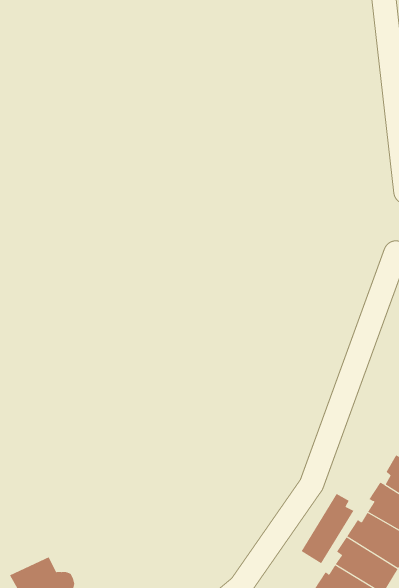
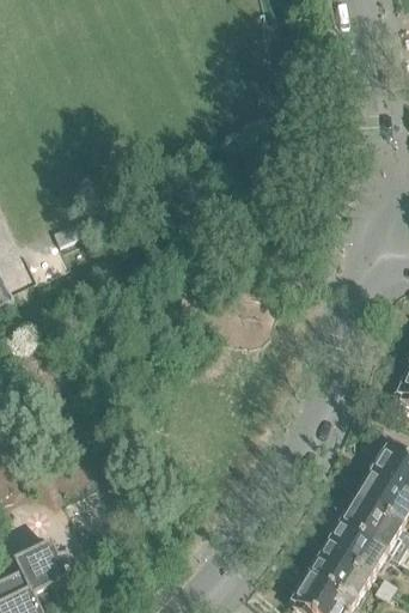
building: [301,493,354,564] -> none

